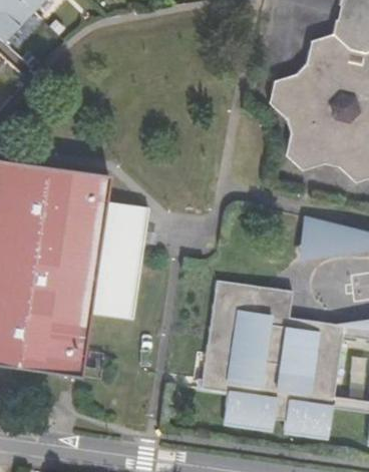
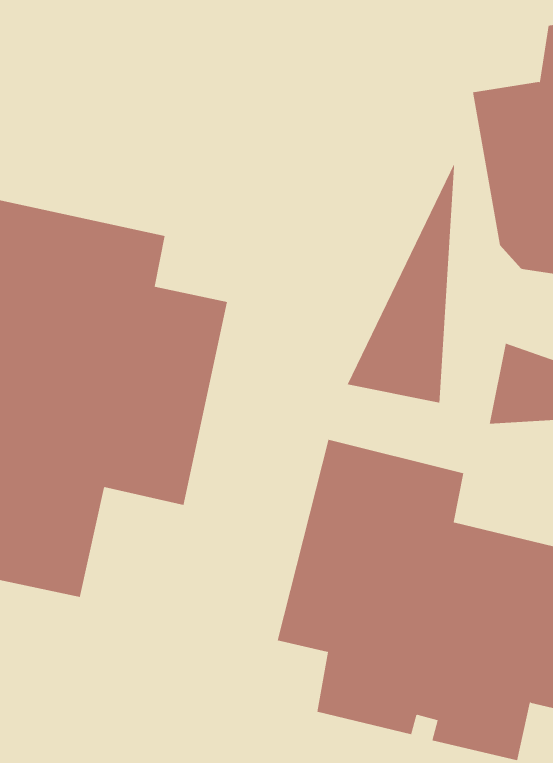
building: none -> [347,161,455,403]

